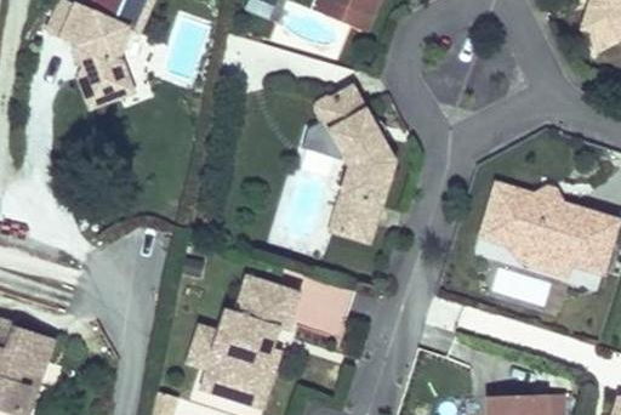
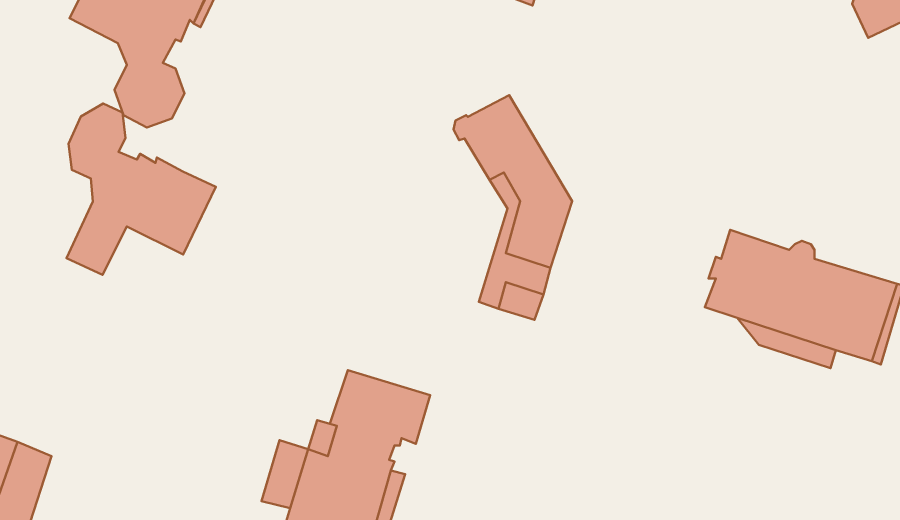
building: none -> [67,103,216,275]
building: [296,279,354,336] -> none

